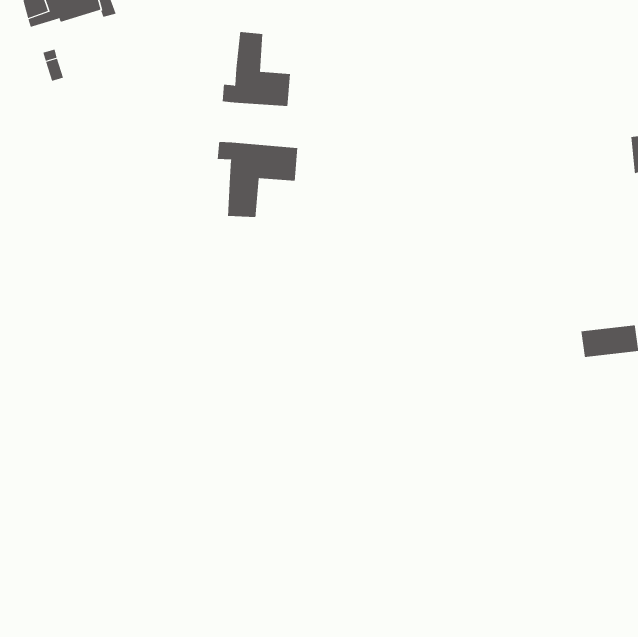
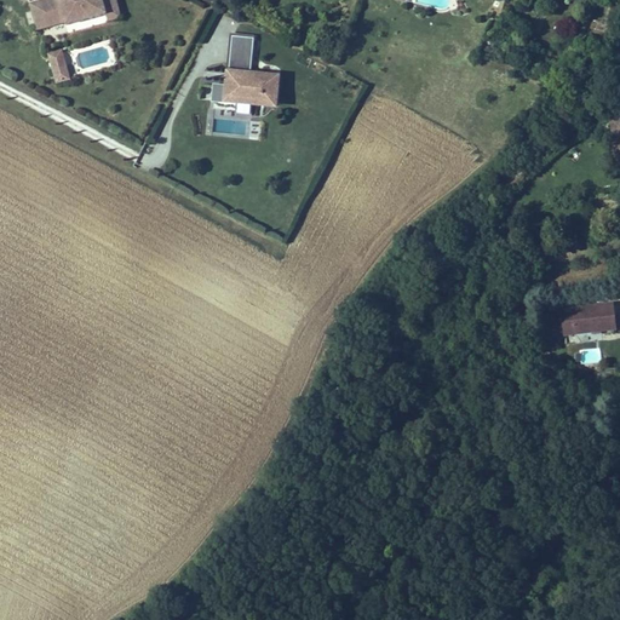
building: [217,141,298,218] -> none

